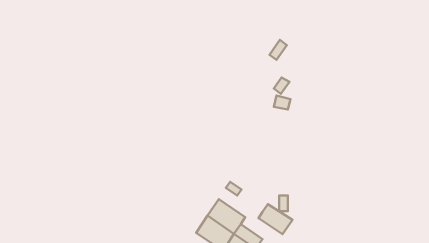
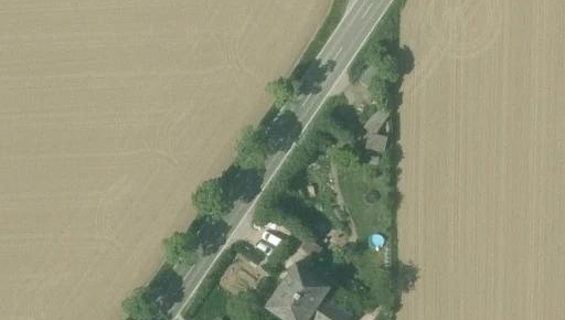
building: [259,204,292,234] -> none

